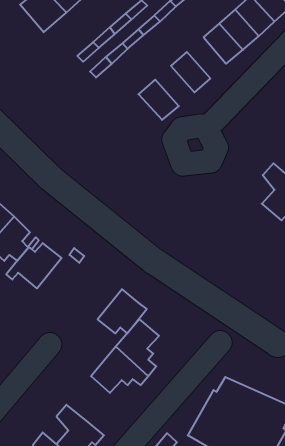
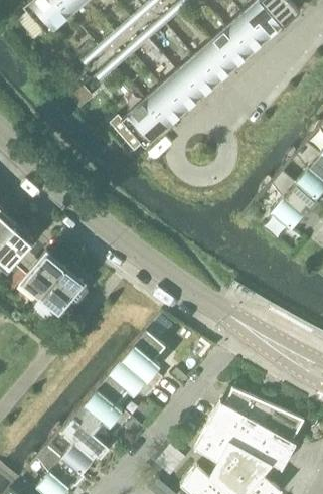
building: none -> [192,42,232,85]
building: none -> [160,71,200,113]
building: none -> [109,101,167,152]
building: [98,289,147,333] -> [39,268,90,313]
building: none -> [69,388,129,434]

